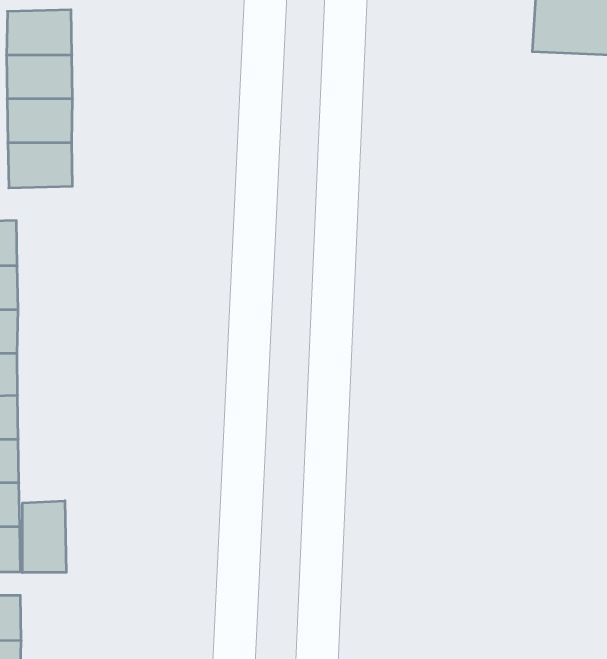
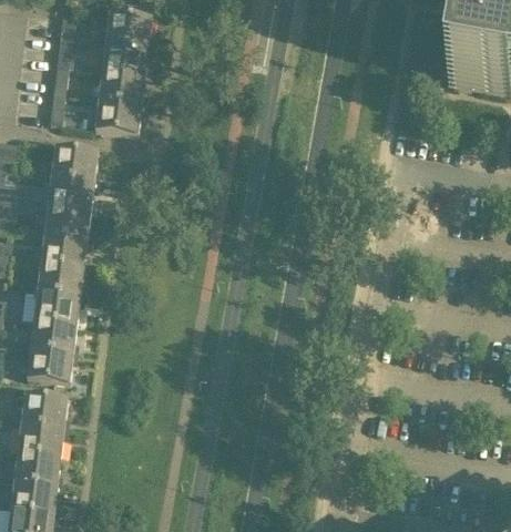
building: [22,501,66,573] -> none

